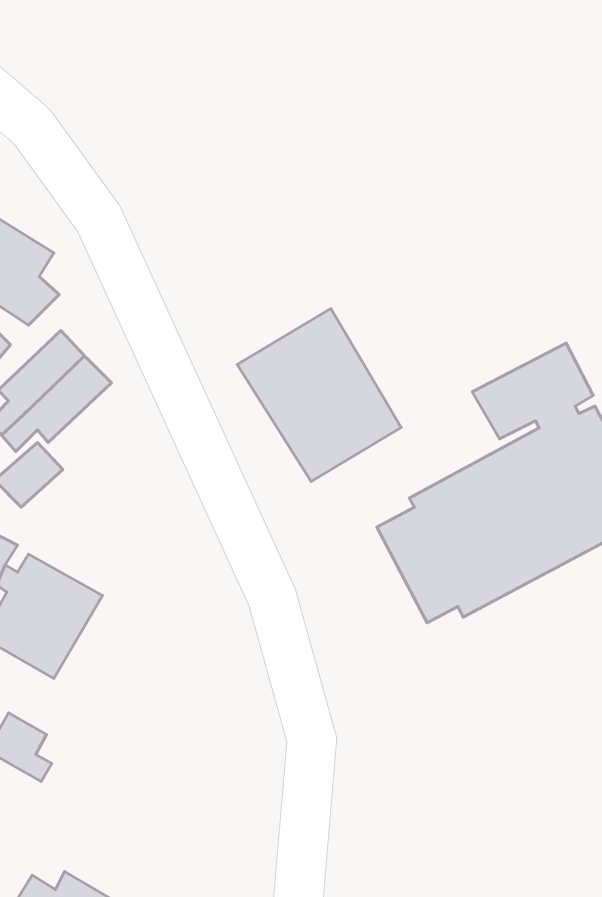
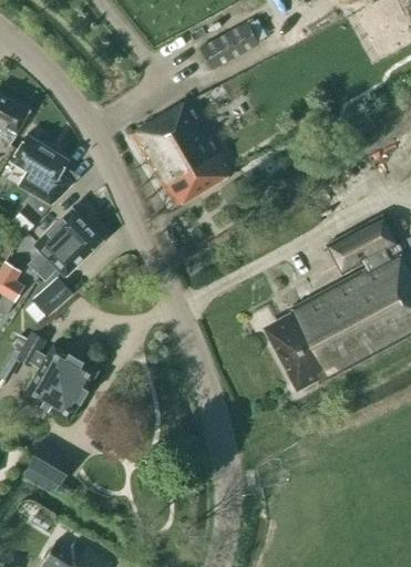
building: none -> [198,22,258,70]
building: [237,308,401,482] -> [131,100,232,206]

